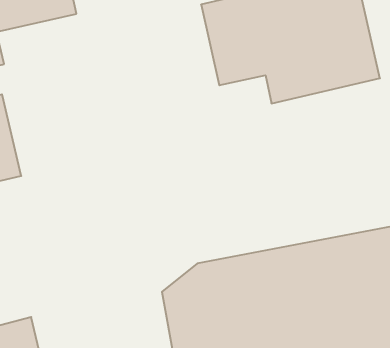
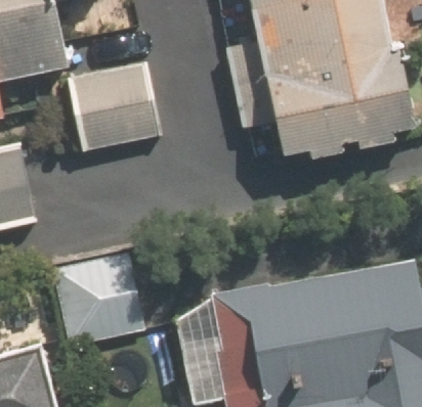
building: none -> [62,53,162,144]
building: none -> [47,260,138,351]

